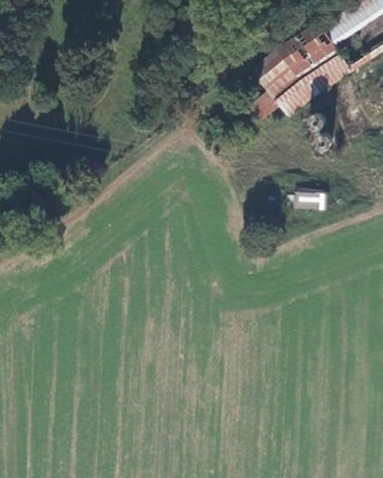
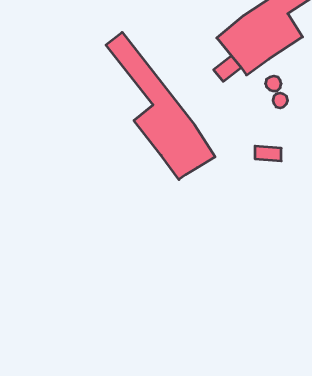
building: none -> [106,32,215,180]

